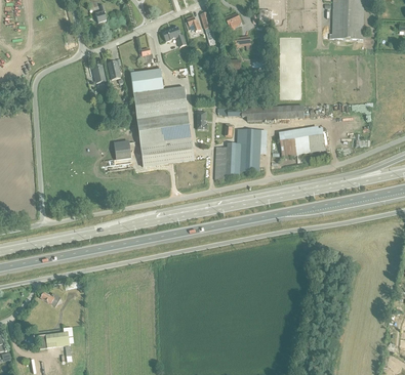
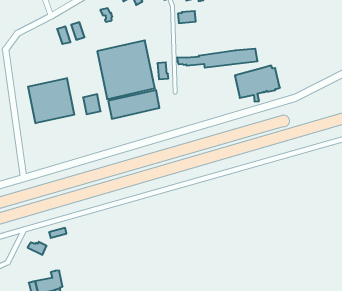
building: [129,68,163,92] -> none
building: none -> [28,78,74,123]
building: [214,128,266,178] -> none

